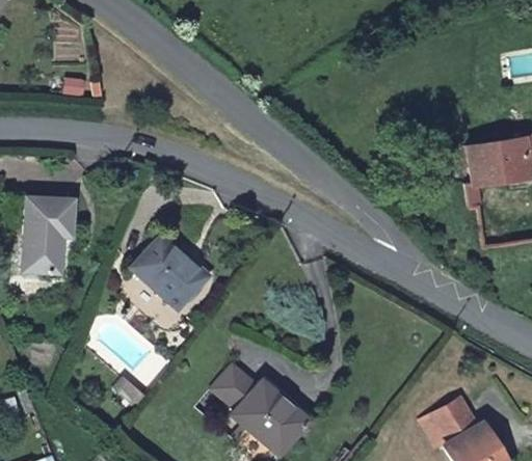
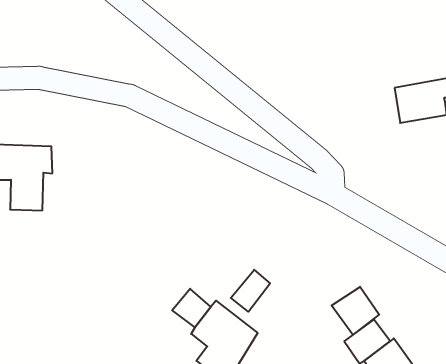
building: [139,233,214,307] -> none
building: none -> [231,270,270,312]
building: none -> [332,287,379,335]

